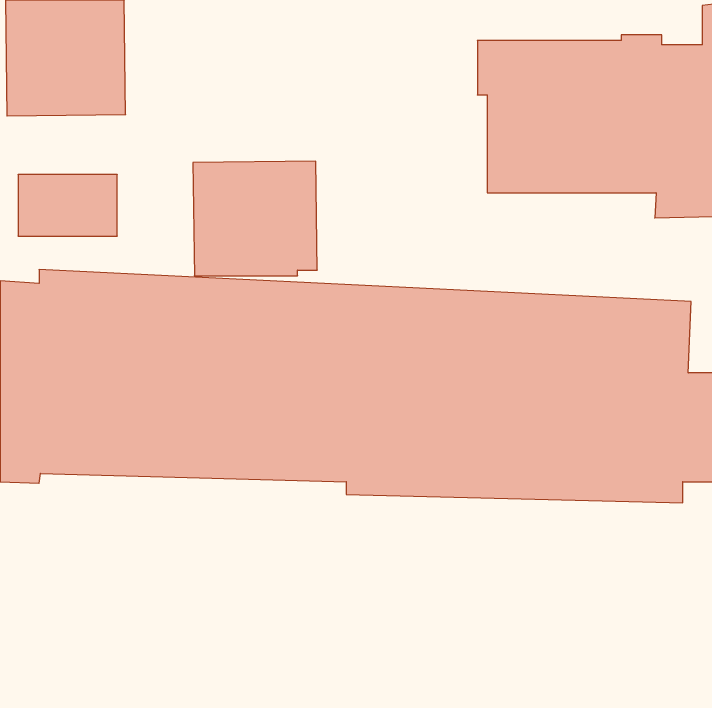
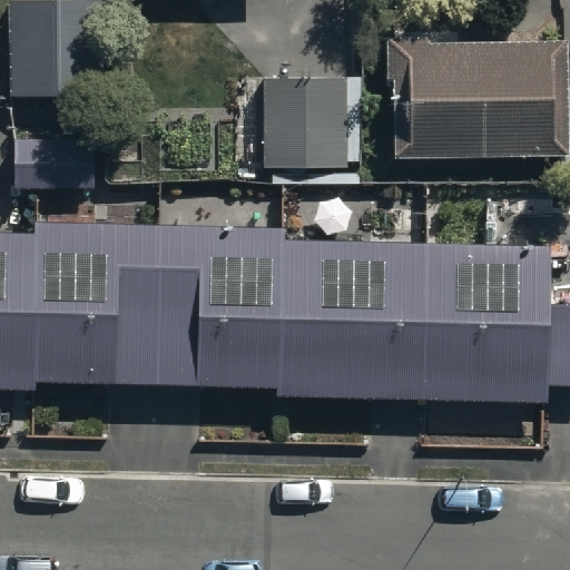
building: [193,161,317,276] -> [262,77,361,168]

